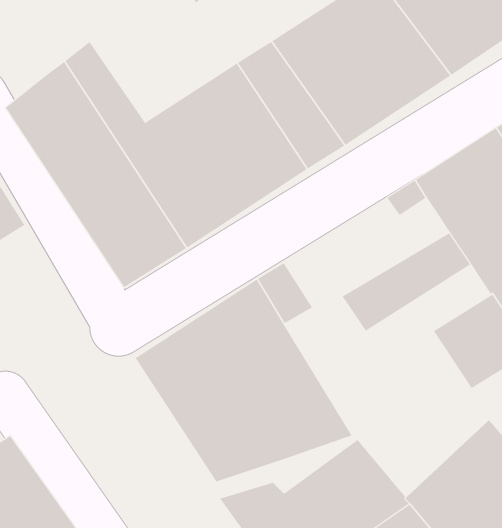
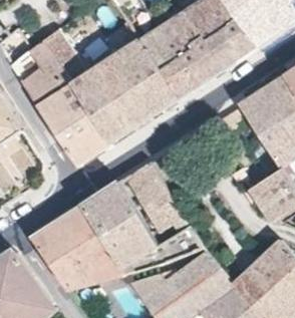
building: [342,232,471,332] -> none
building: none -> [30,204,126,289]

